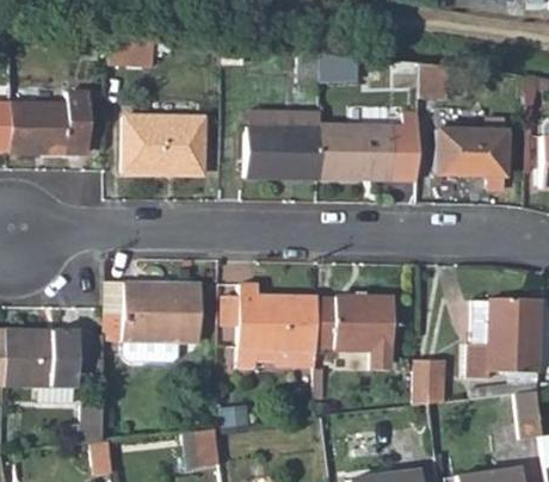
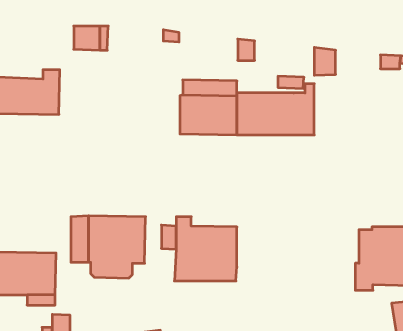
building: [128,106,203,174] -> none
building: [437,117,502,175] -> none
building: [317,297,393,370] -> none
building: [414,362,444,407] -> none

